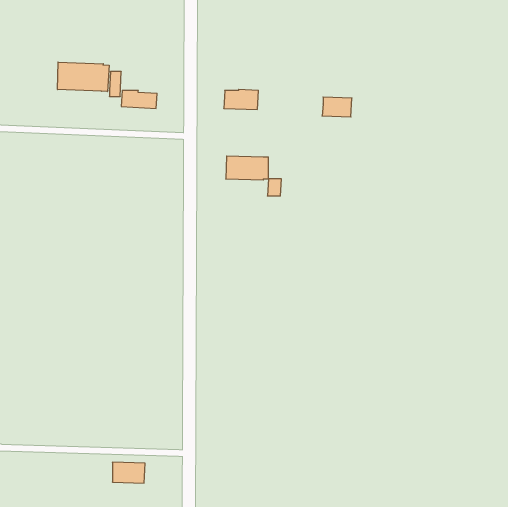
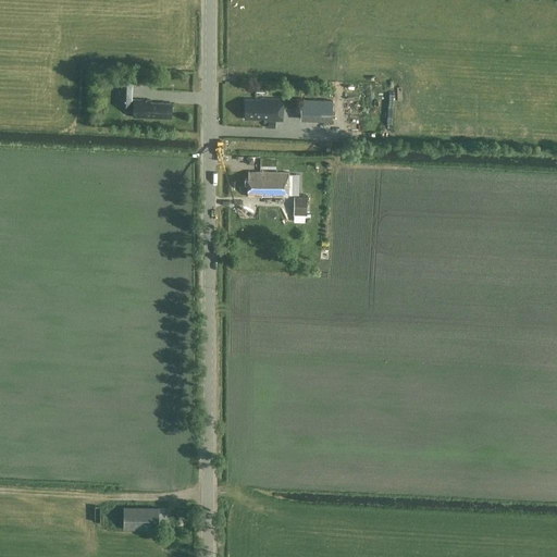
building: [58,62,109,92] -> none
building: [322,97,352,117] -> [300,99,333,121]

